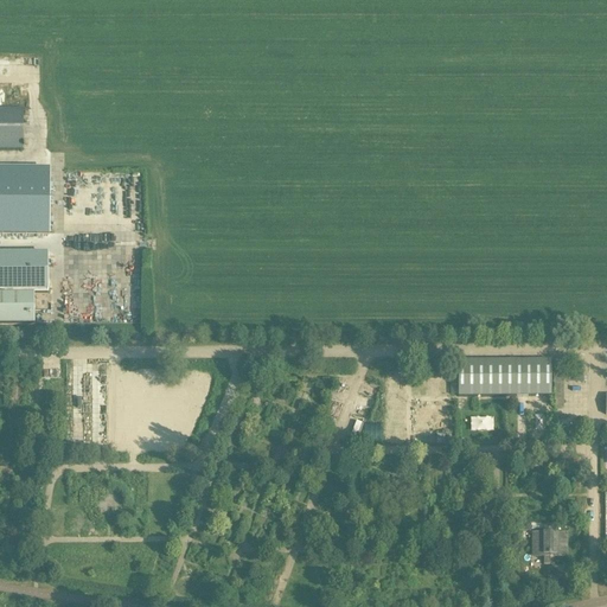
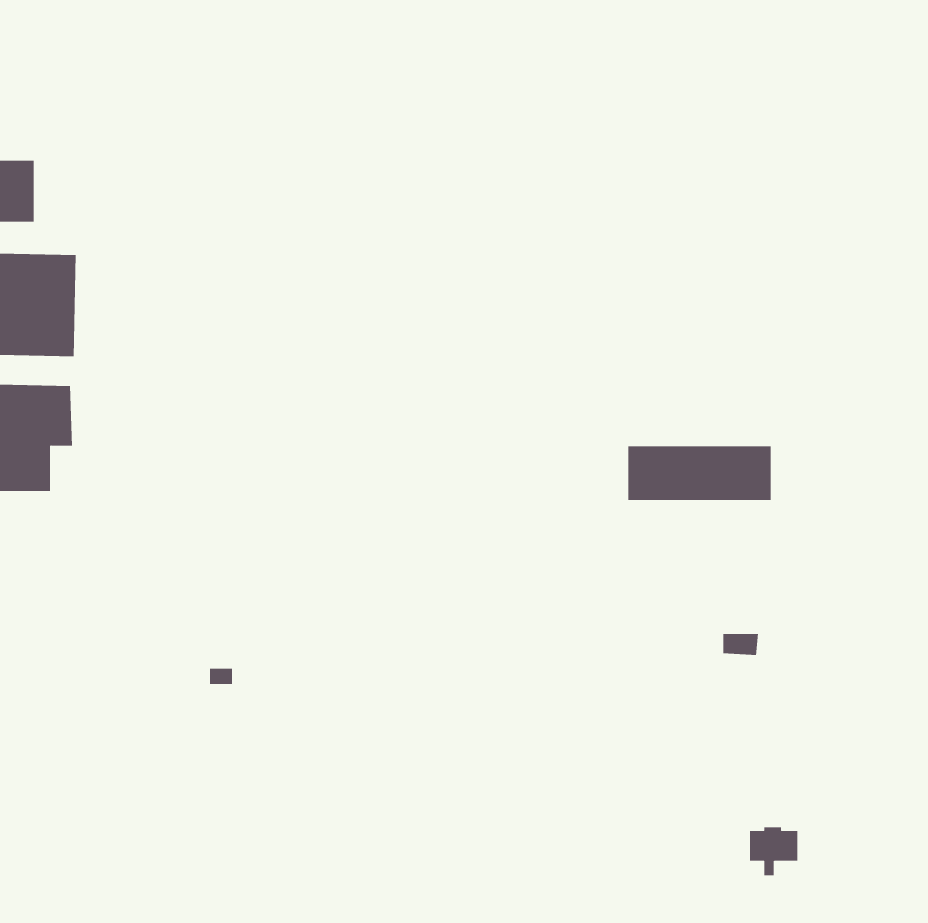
building: [456,357,550,392] -> [628,446,771,501]
building: [532,529,564,561] -> [749,827,798,876]

